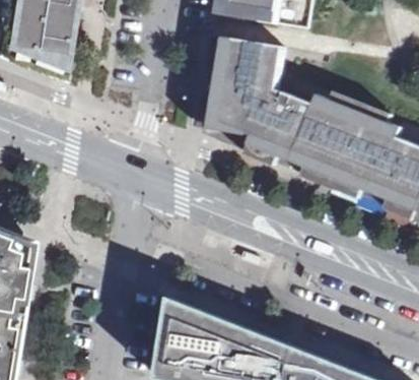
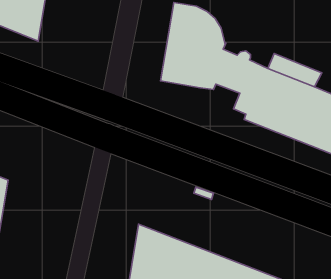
building: [246,132,302,173] -> none

